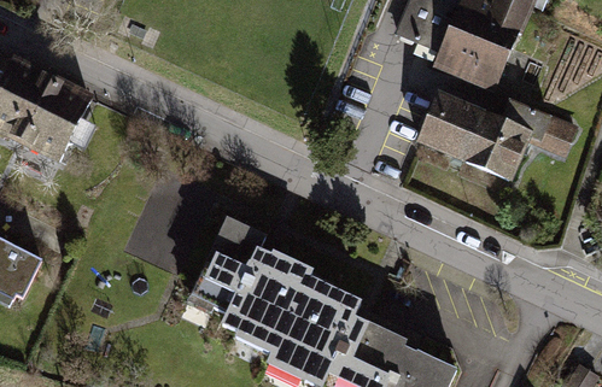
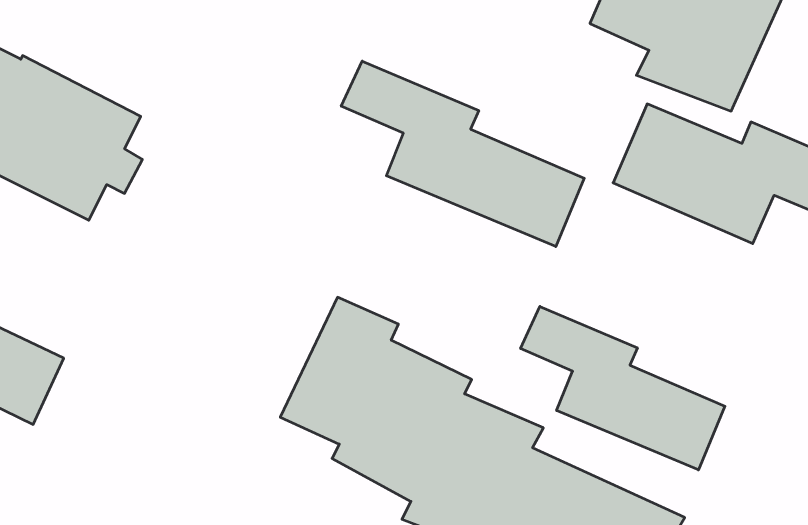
building: none -> [341,61,584,247]
building: none -> [521,306,725,470]

